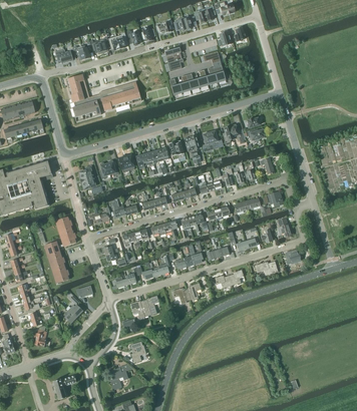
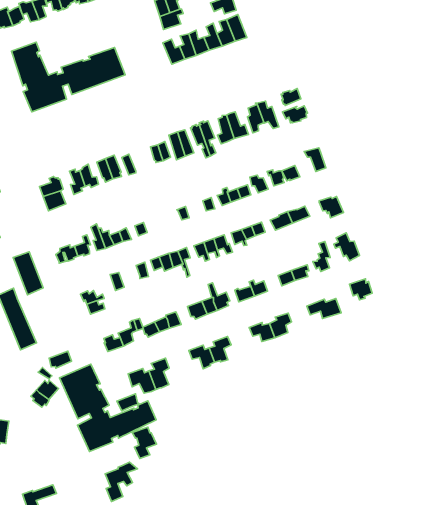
building: none -> [60,364,156,452]

